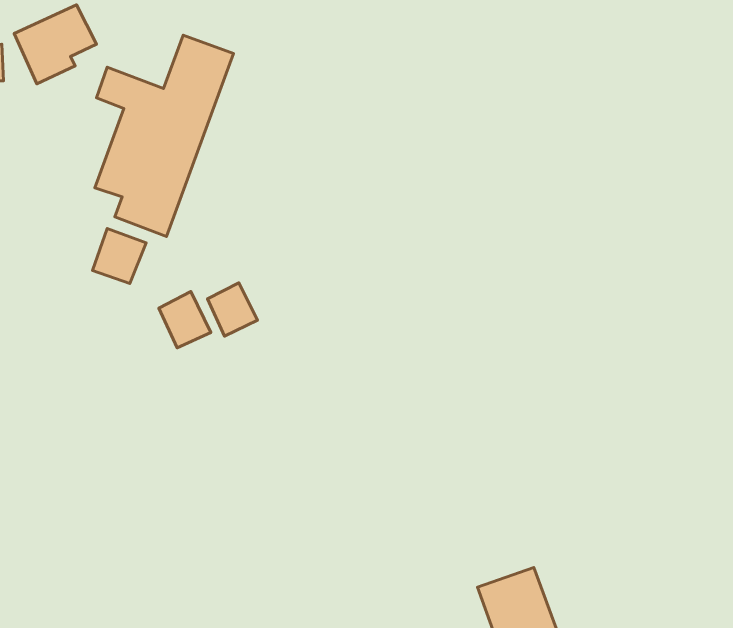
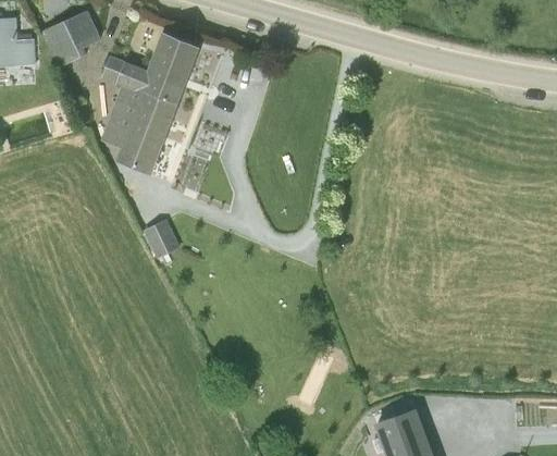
building: [92,229,146,283] -> none
building: [207,283,258,336] -> none

